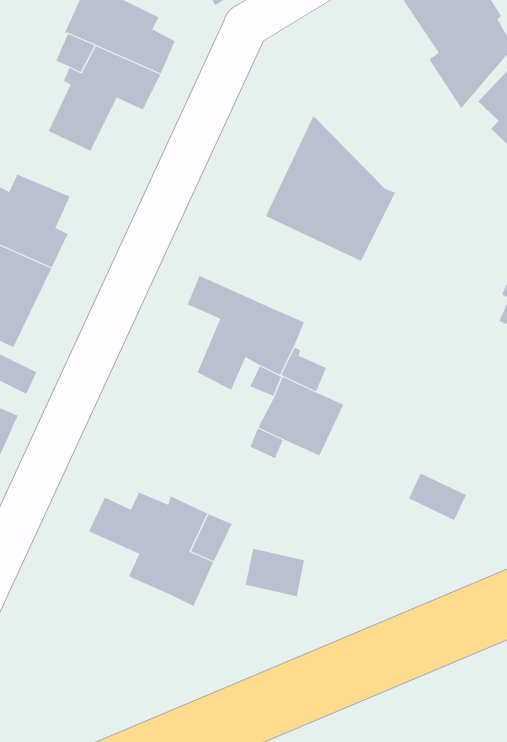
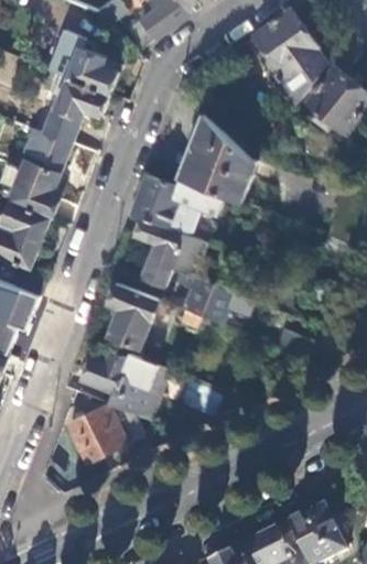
building: none -> [23,130,68,166]
building: none -> [130,173,224,235]
building: none -> [107,283,159,349]
building: none -> [67,406,142,465]

